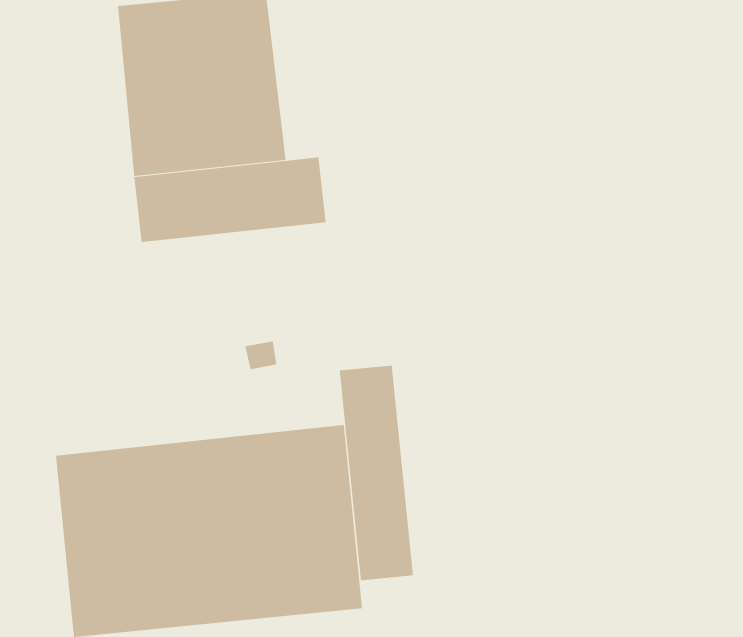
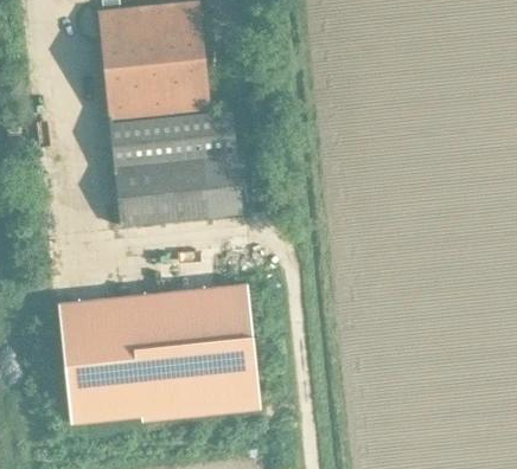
building: none -> [115,154,242,227]
building: [339,365,413,581] -> none

